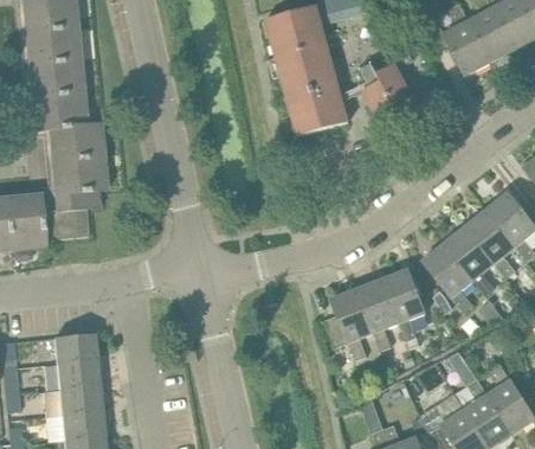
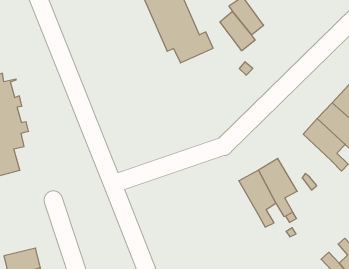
building: [423,243,473,310] -> none
building: [324,288,374,359] -> none

